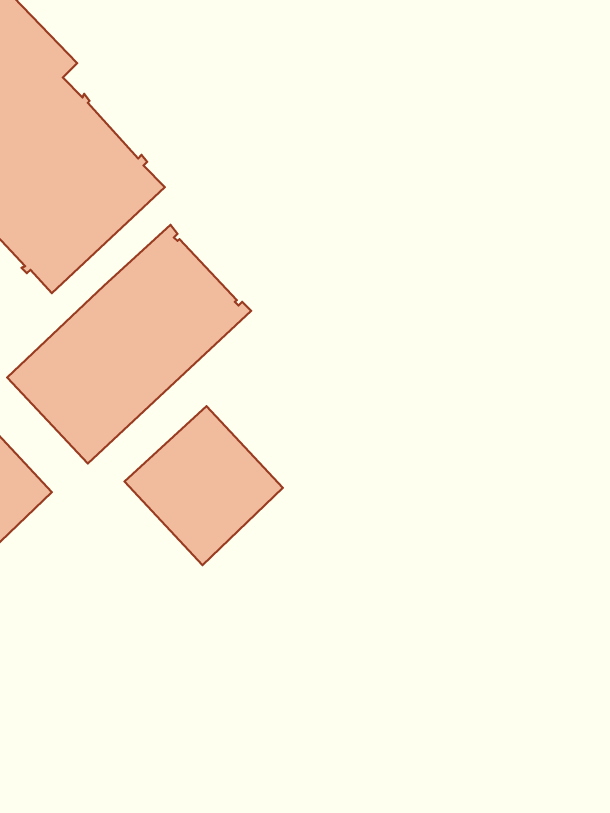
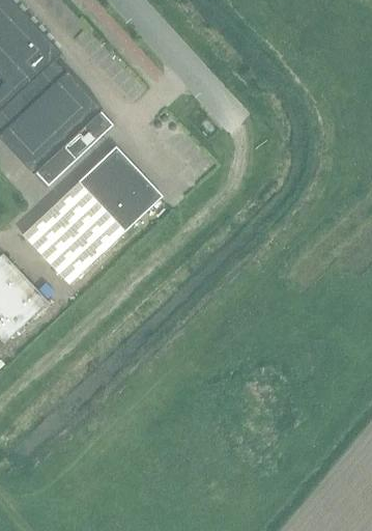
building: [124,406,283,565] -> none

